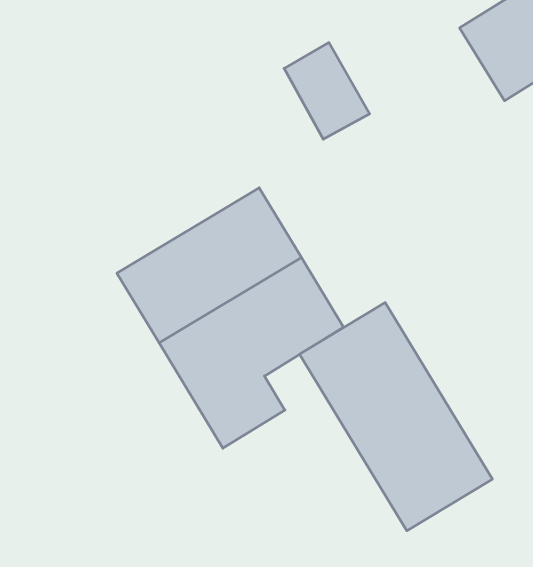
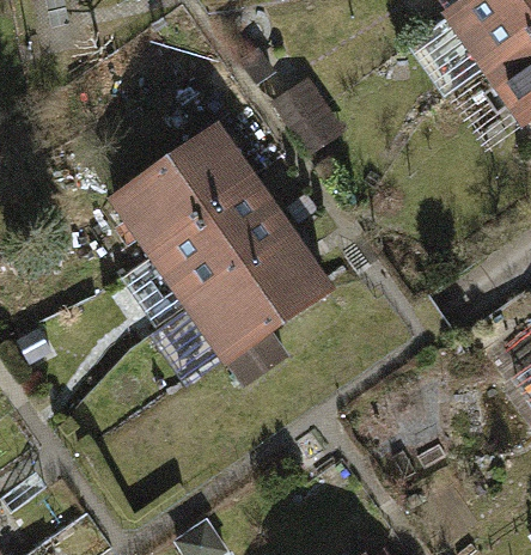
building: none -> [111,129,258,258]
building: [300,303,492,531] -> none

